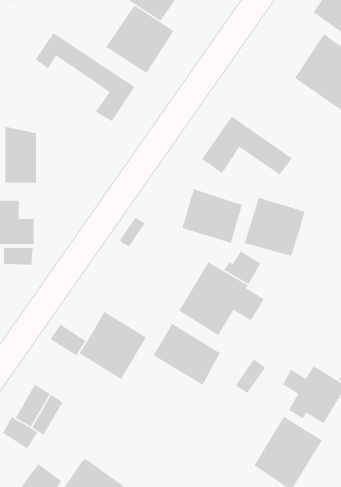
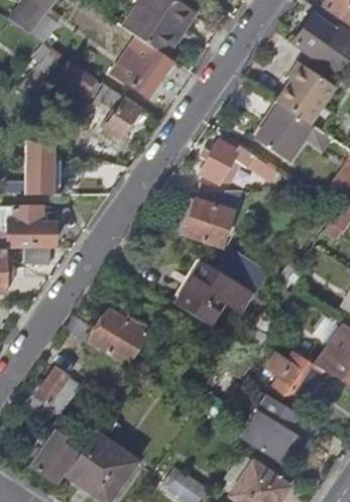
building: none -> [255,102,313,161]
building: [244,197,306,257] -> none
building: [152,323,221,386] -> none

